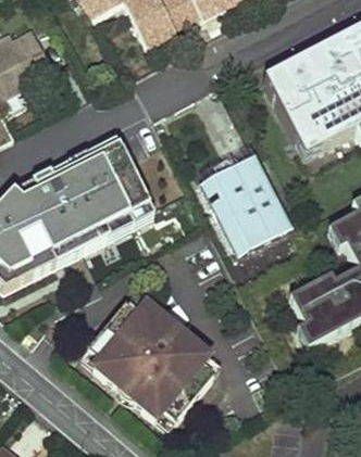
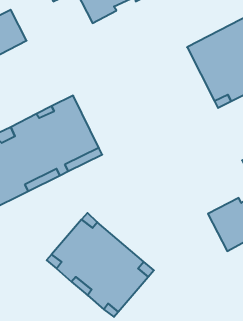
building: [206,156,294,255] -> none

